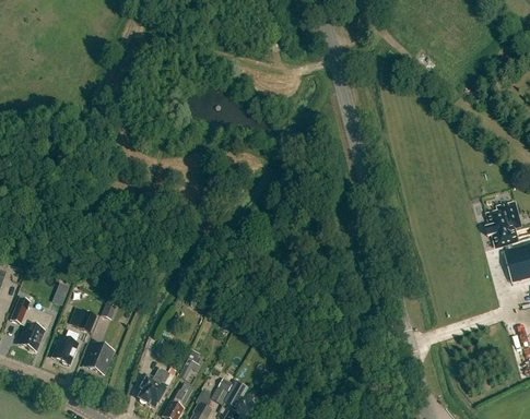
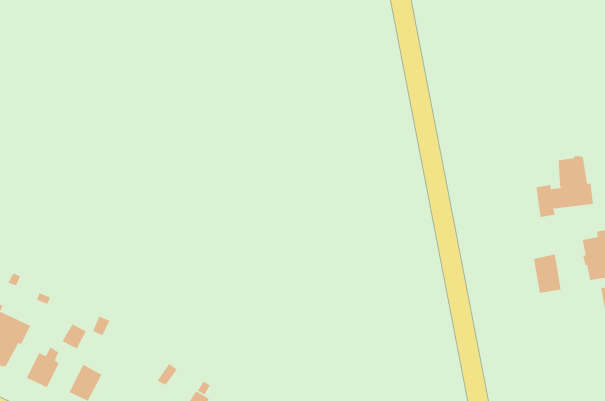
building: none -> [535,156,594,218]
building: none -> [533,254,561,293]

